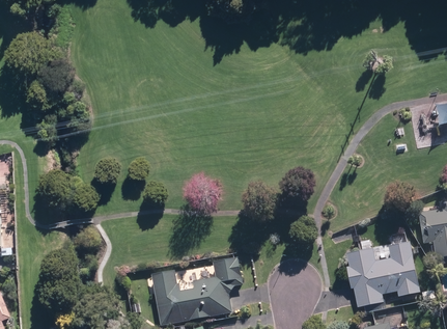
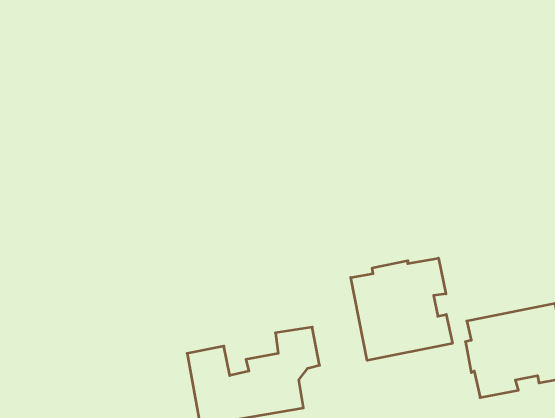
building: none -> [351,258,452,360]

